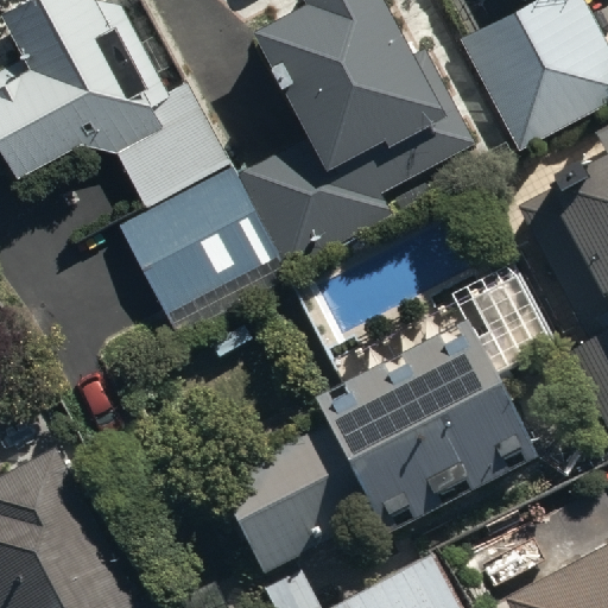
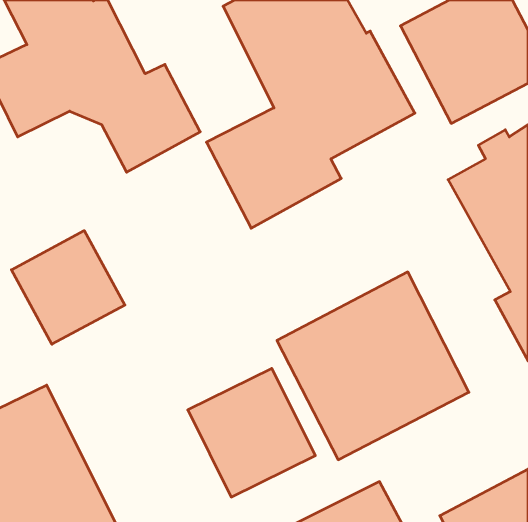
building: [119,160,285,329] -> none
building: none -> [11,231,125,344]

